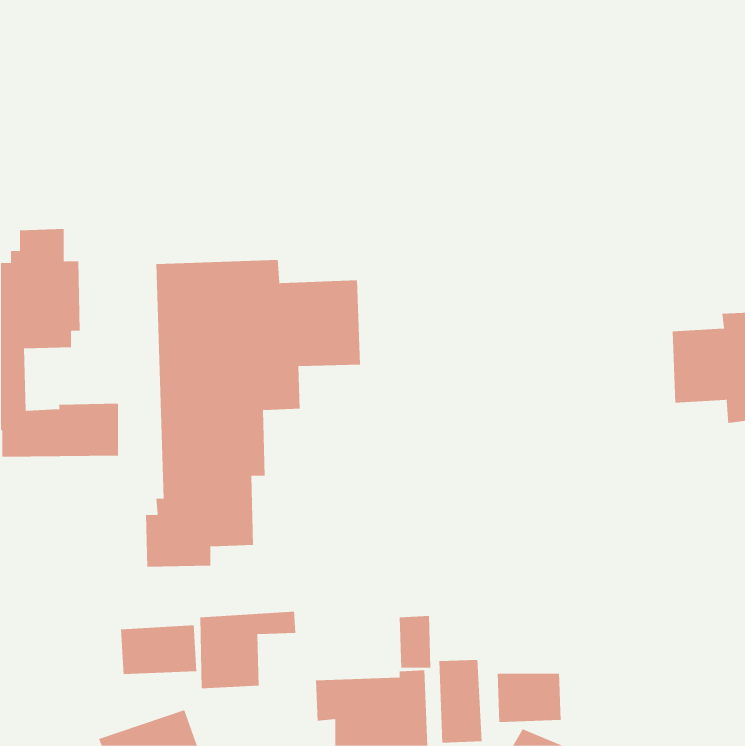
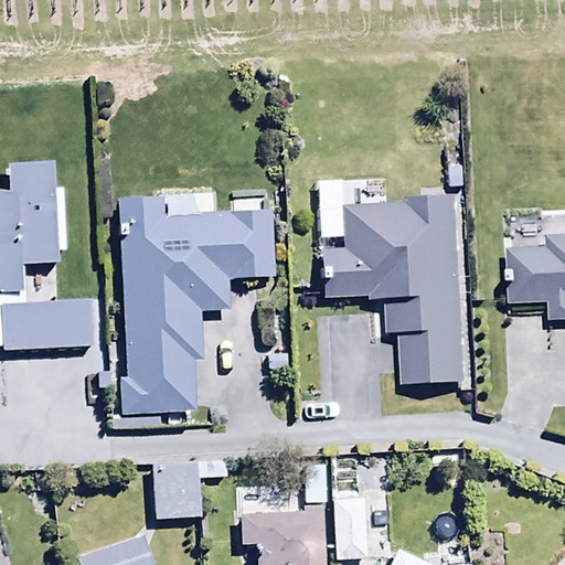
building: none -> [318,180,467,382]
building: [120,624,197,675] -> none
building: [497,673,561,723] -> none

